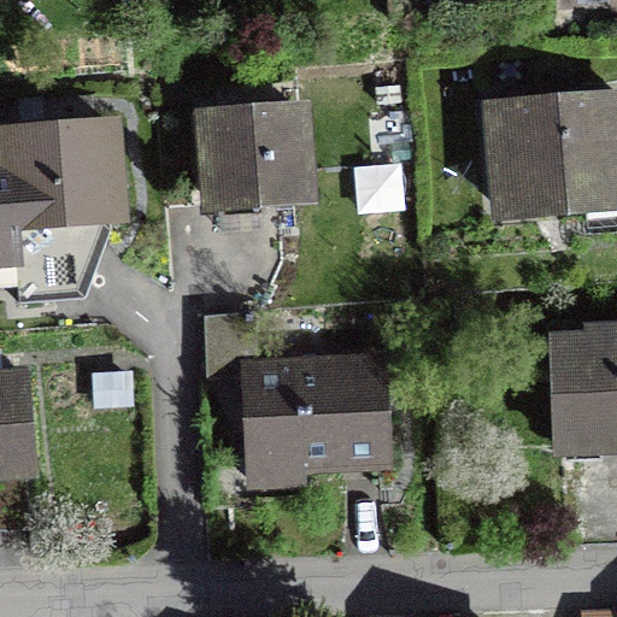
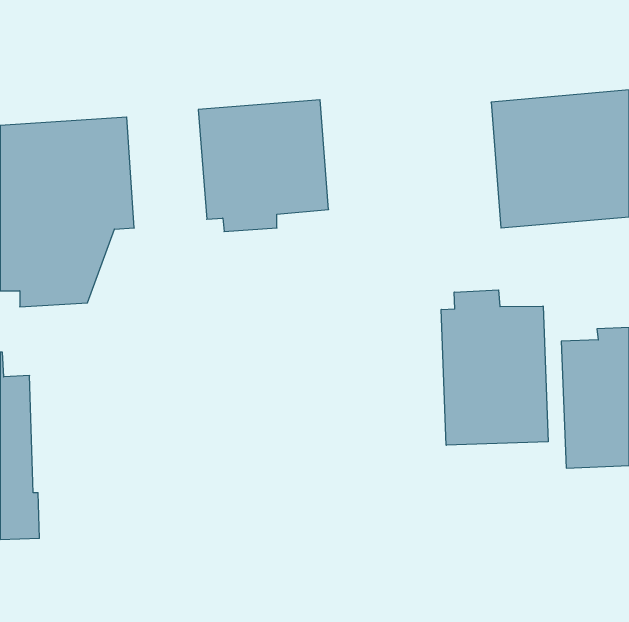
building: none -> [441,290,548,445]
building: [204,308,394,489] -> none

